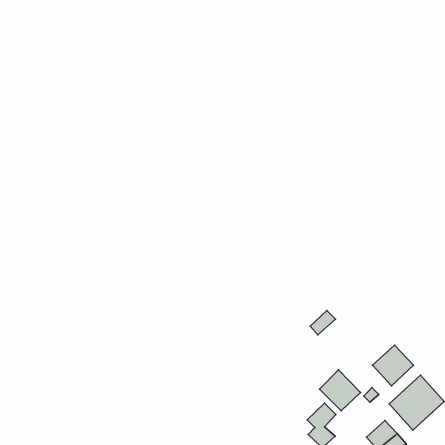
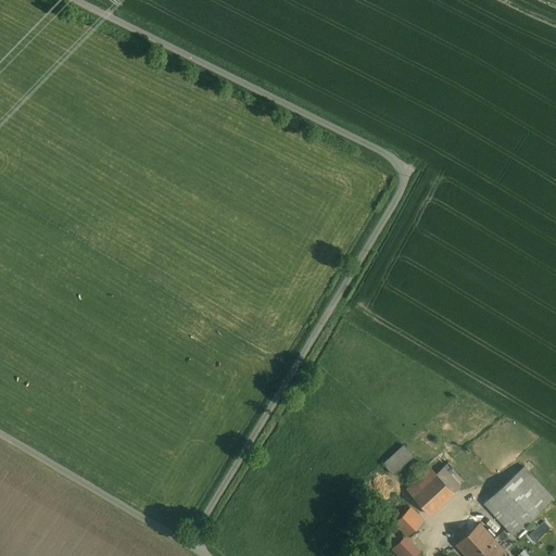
building: [310,310,335,335] -> [383,444,415,475]
building: [373,345,413,386] -> none

